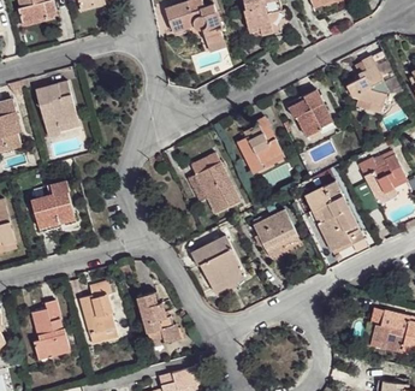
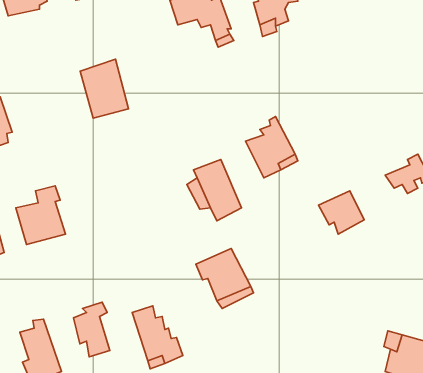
building: [343,52,392,107] -> none
building: [32,79,77,134] -> [80,59,129,118]
building: [291,88,333,134] -> none
building: [251,208,295,254] -> none
building: [319,209,357,251] -> none

